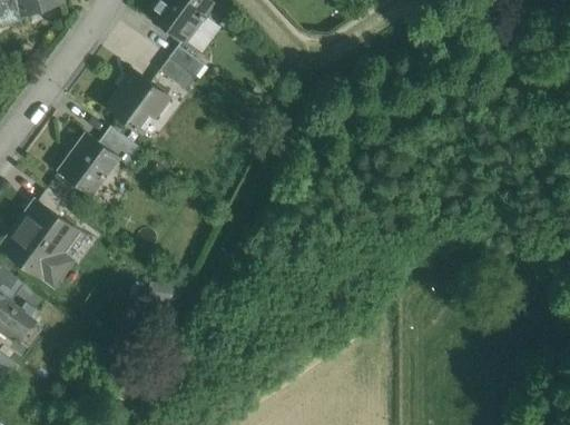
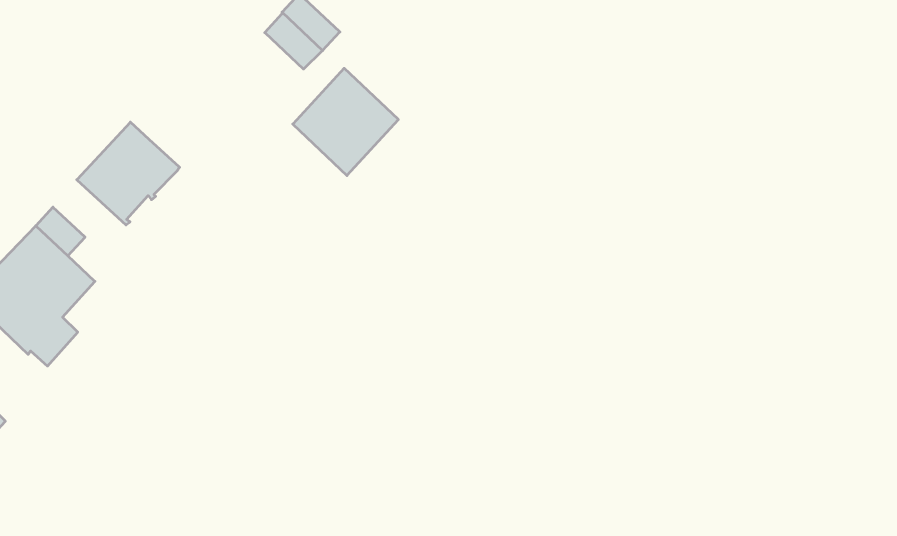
building: [106,70,168,134] -> [293,68,398,176]
building: [98,127,138,165] -> none

